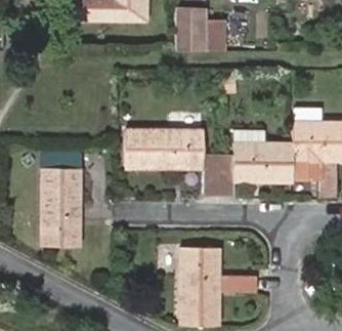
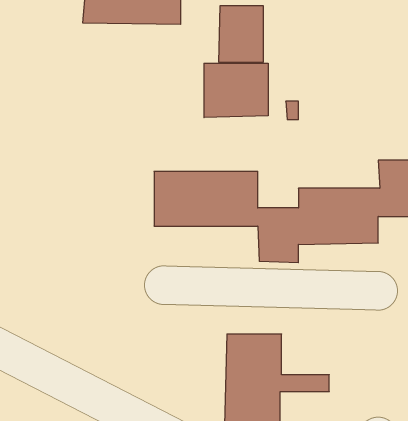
building: none -> [204,63,268,118]
building: [42,154,81,246] -> none

